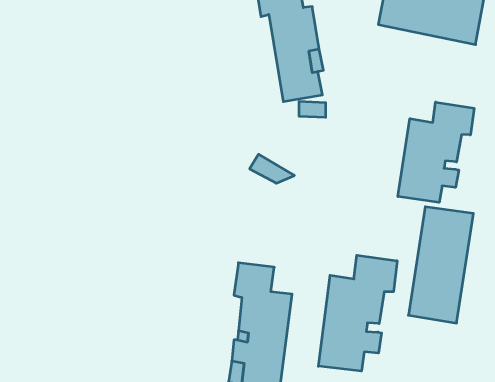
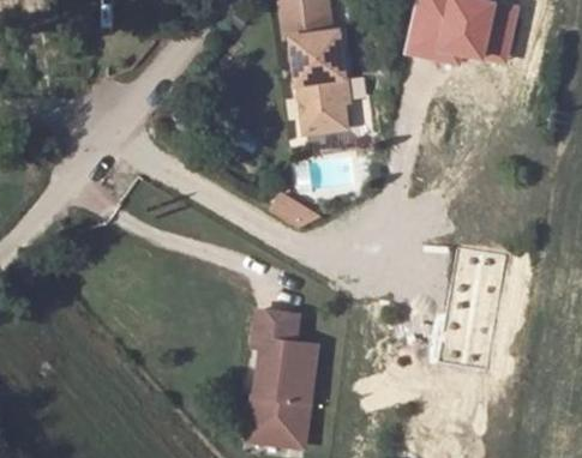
building: [398,102,474,202] -> none
building: [318,255,397,371] -> none

